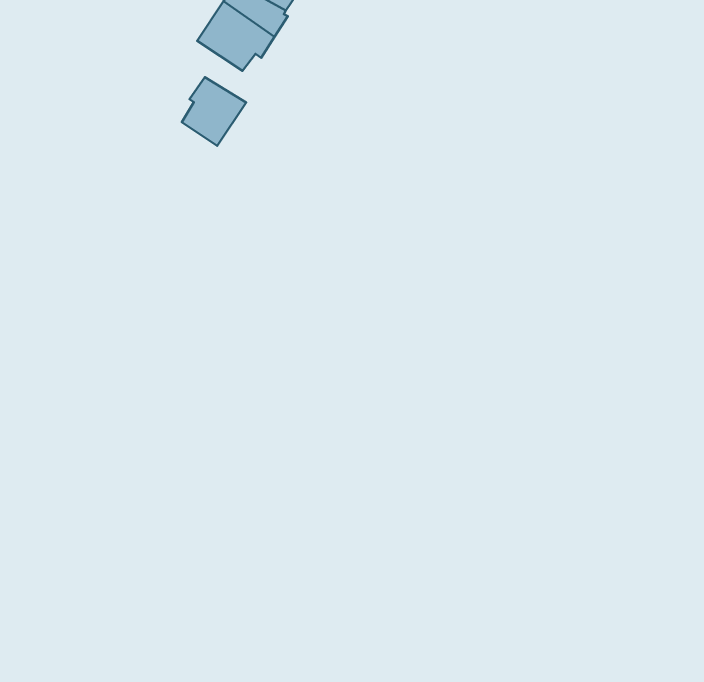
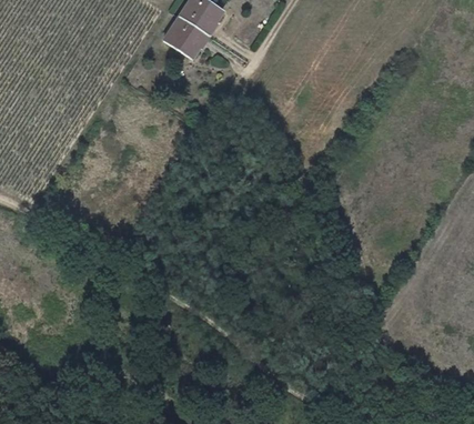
building: [182,77,246,146] -> none

